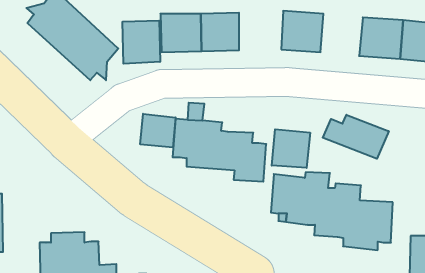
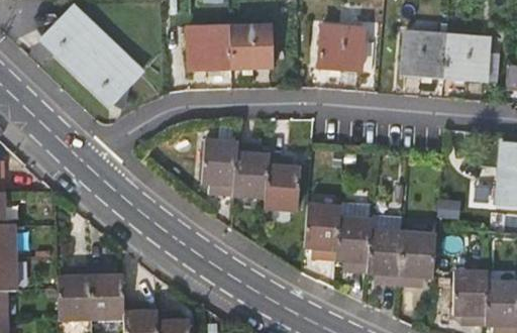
building: [123,21,160,64] -> none
building: [140,114,176,147] -> none
building: [323,115,389,159] -> none
building: [272,129,310,168] -> none

